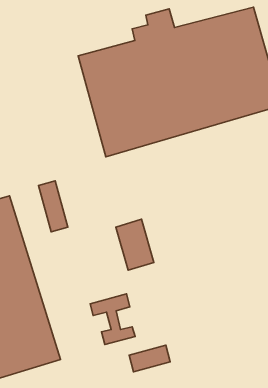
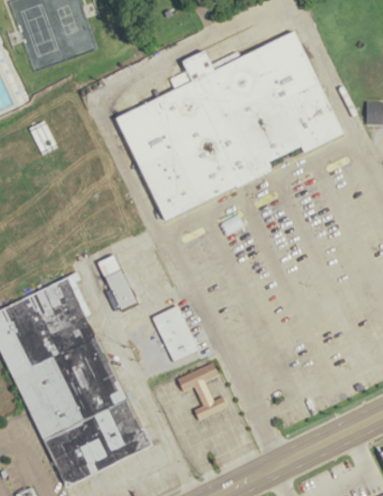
building: [116,219,154,270] -> [151,305,198,362]
building: [129,345,170,372] -> none

